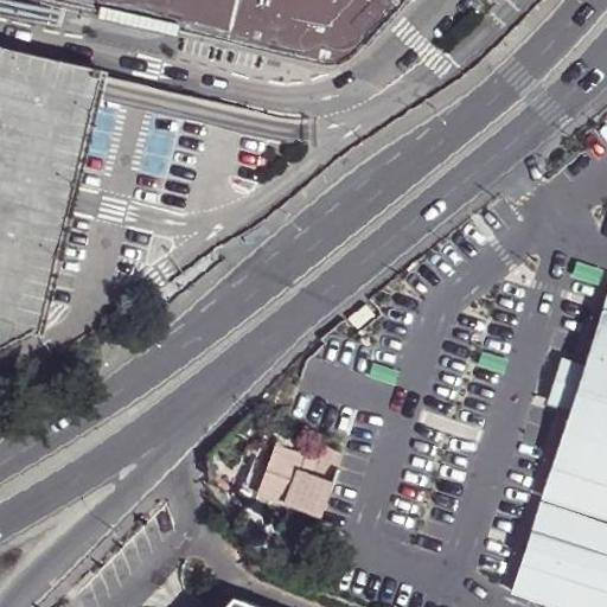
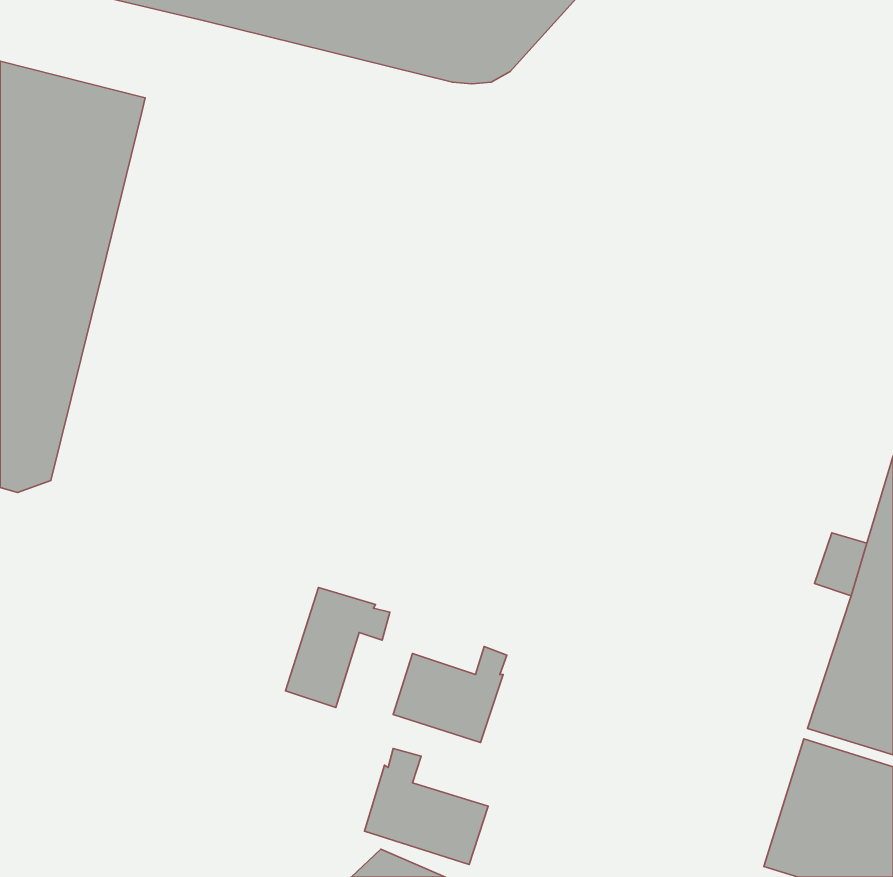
building: none -> [285,587,390,707]
building: none -> [365,749,488,865]

